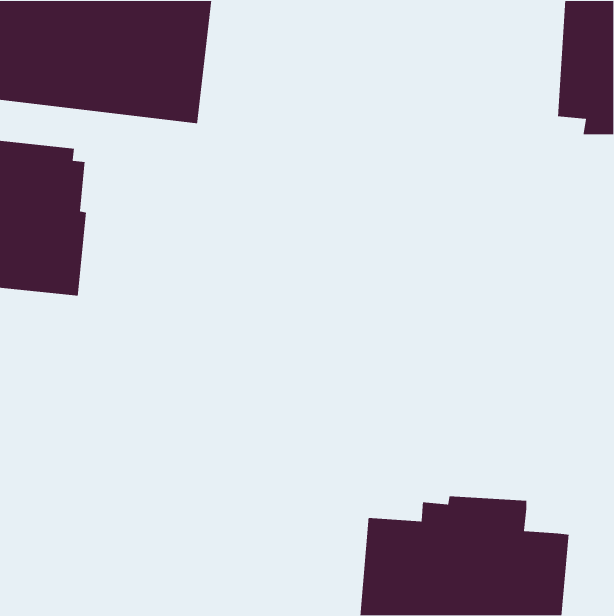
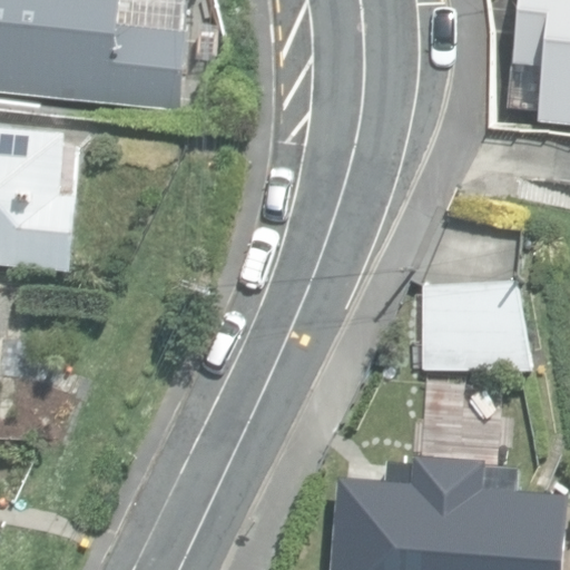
building: none -> [422,281,535,370]

